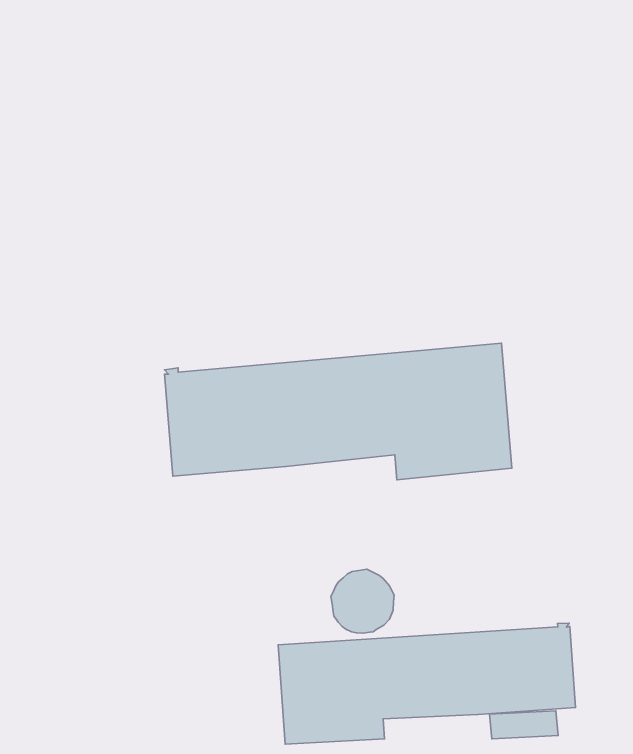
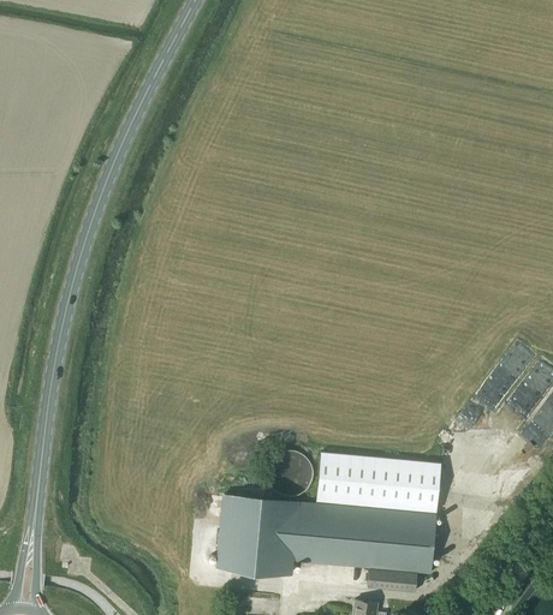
building: [165,343,512,480] -> none
building: none -> [316,453,440,513]

